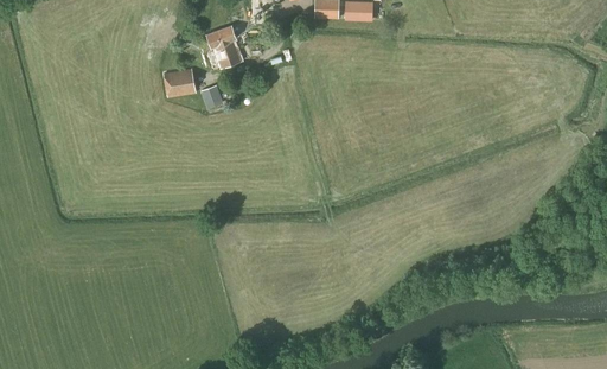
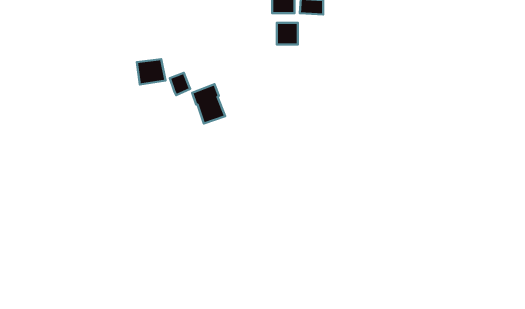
building: [206,26,243,70] -> [192,84,225,124]
building: none -> [277,23,298,45]

